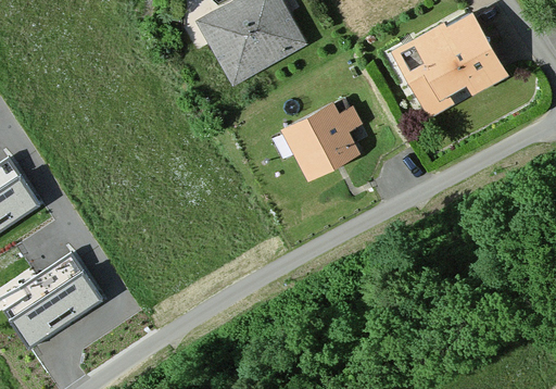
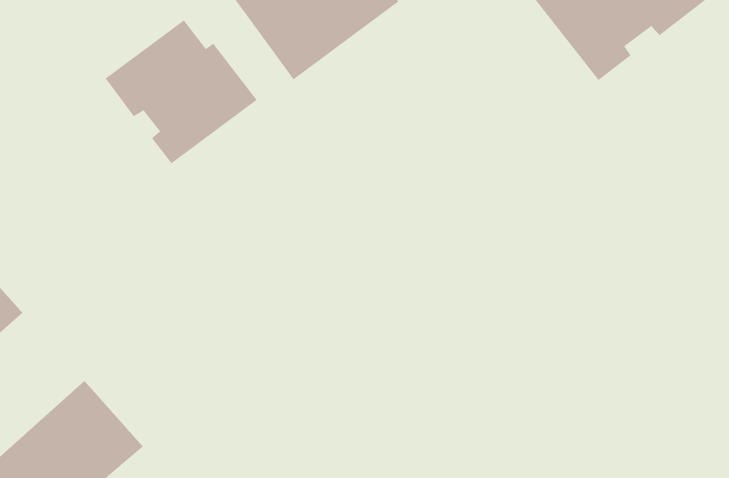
building: none -> [105,19,258,164]
building: [282,101,361,177] -> none

